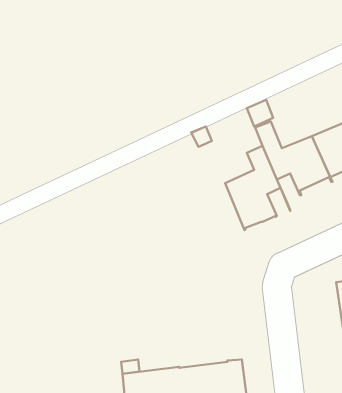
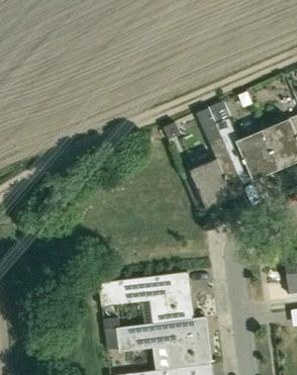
building: none -> [99,272,193,324]

